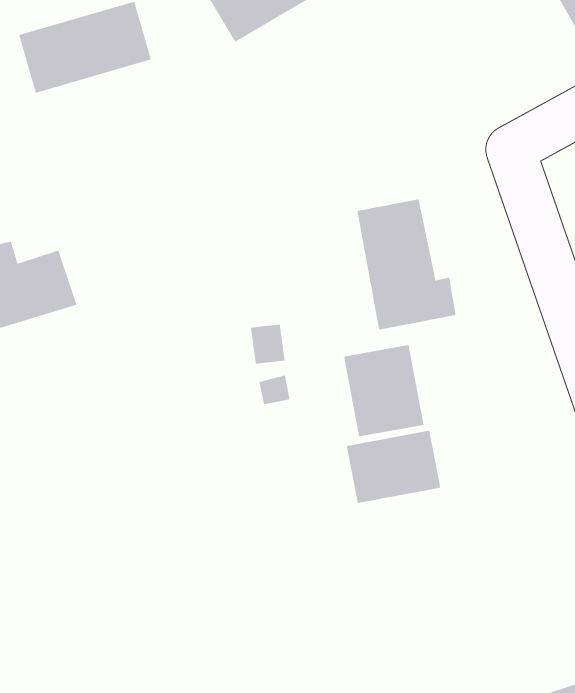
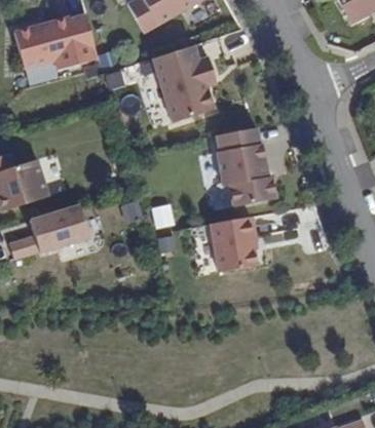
building: none -> [152,44,216,122]
building: none -> [9,203,86,260]
building: [346,430,441,504] -> none

